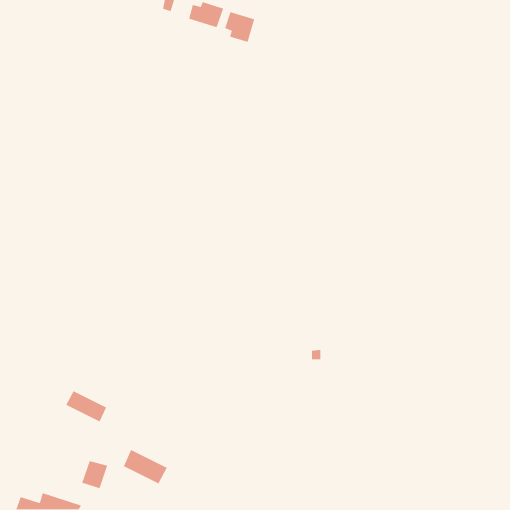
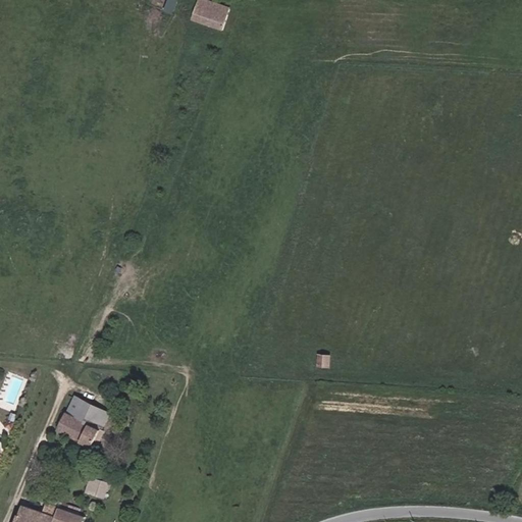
building: [224,11,255,43] -> none
building: [123,449,168,485] -> [57,412,103,449]

